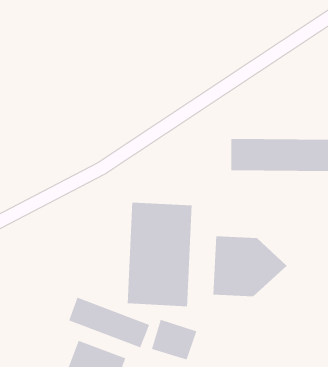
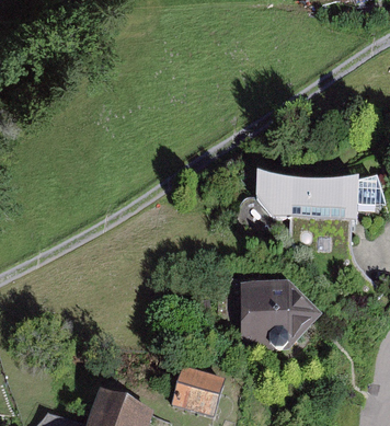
building: [127,202,192,307] -> none
building: [69,297,150,348] -> none

